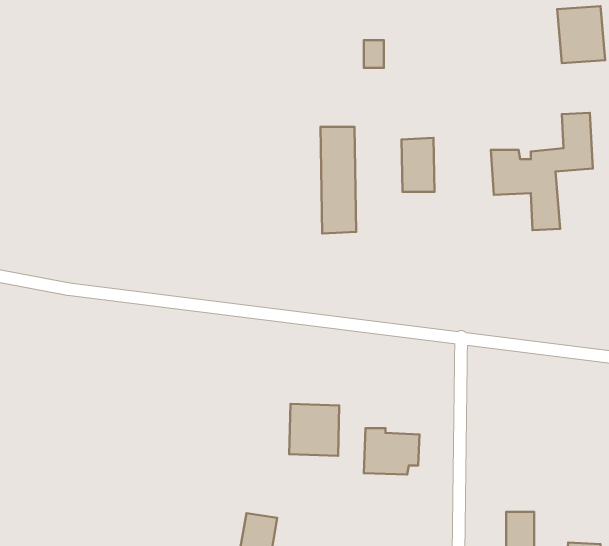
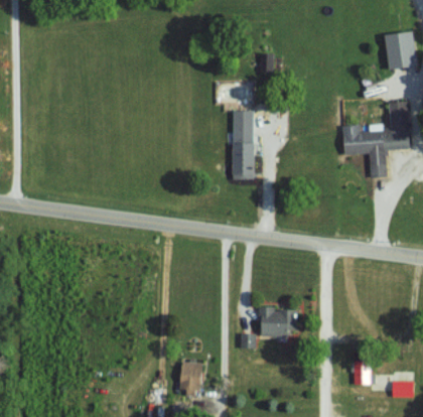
building: [401,138,434,192] -> none
building: [289,404,339,456] -> none

